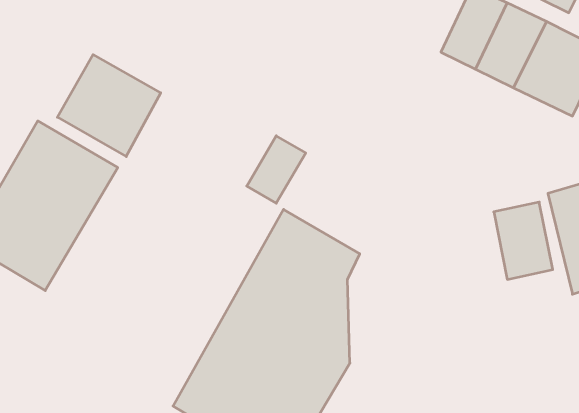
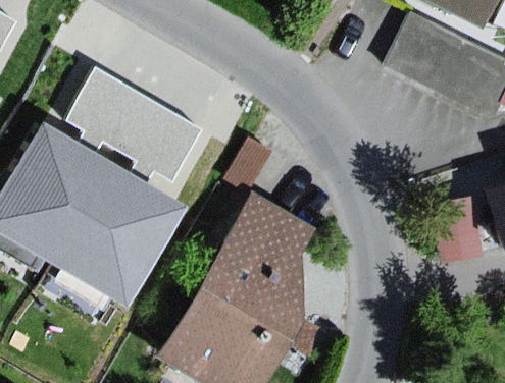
building: none -> [120,100,201,181]
building: none -> [53,162,189,308]

